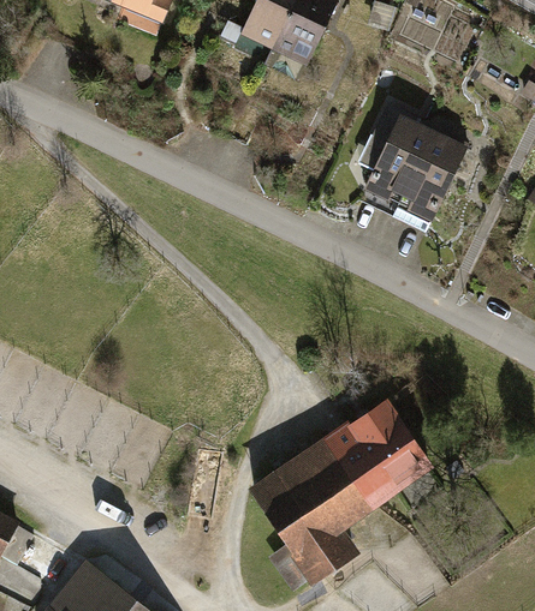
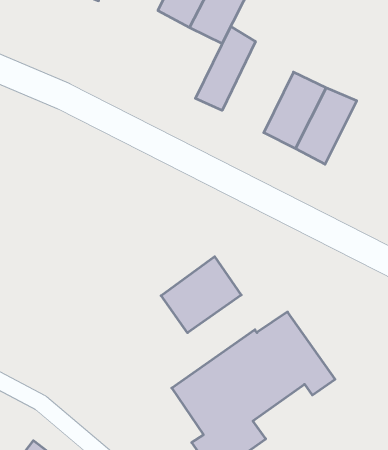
building: none -> [195,27,255,110]
building: none -> [161,257,241,333]

